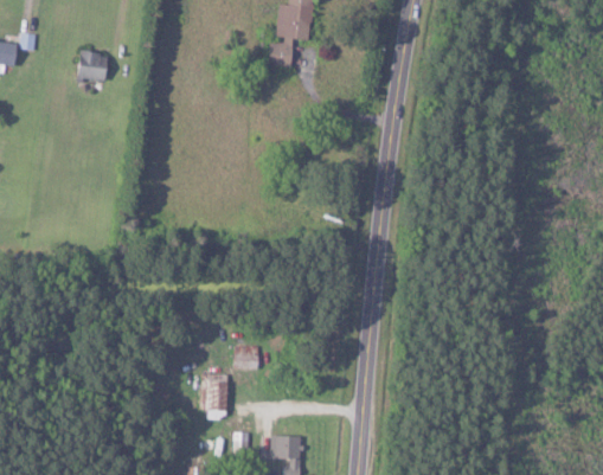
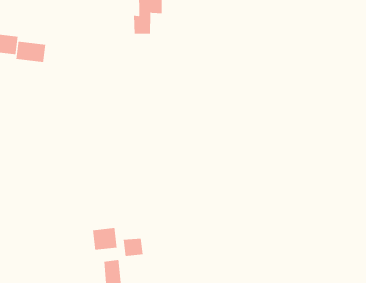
building: none -> [16,41,46,63]
building: none -> [93,227,117,251]

